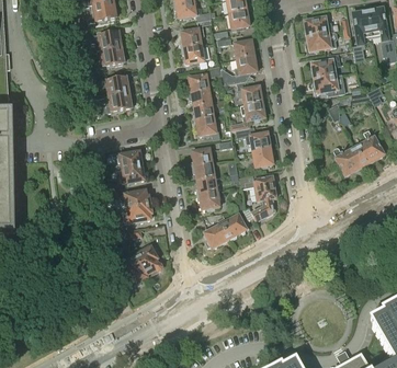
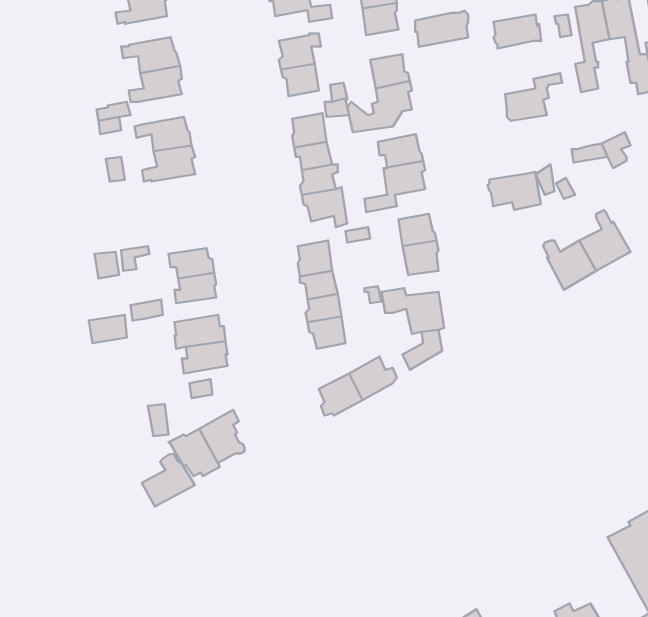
building: [306,30,337,50] -> [415,11,468,47]
building: [313,72,343,94] -> [488,172,541,210]
building: none -> [142,454,195,506]

